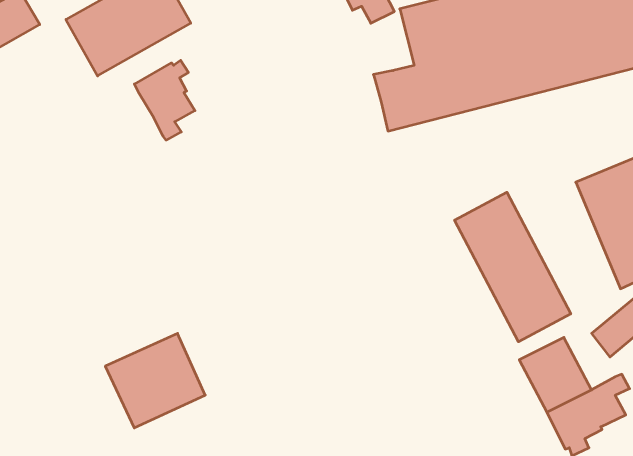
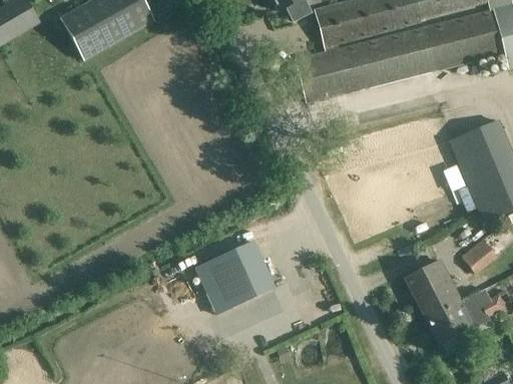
building: [134,60,195,140] -> none
building: [455,192,571,342] -> none
building: [105,333,205,428] -> [196,241,273,313]

